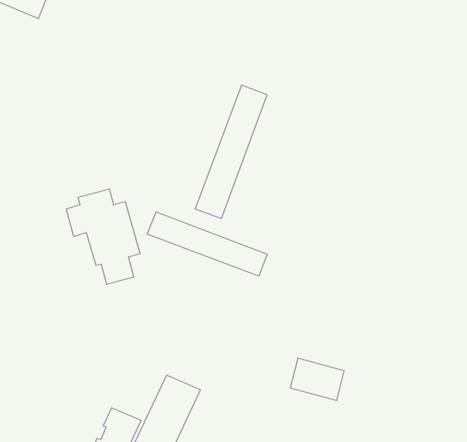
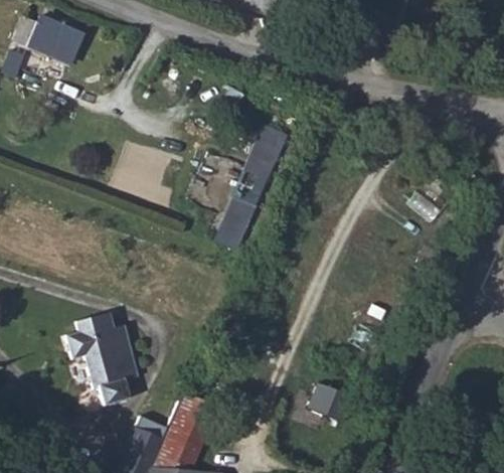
building: [66,189,140,284] -> [68,317,139,408]
building: [147,212,267,276] -> none

